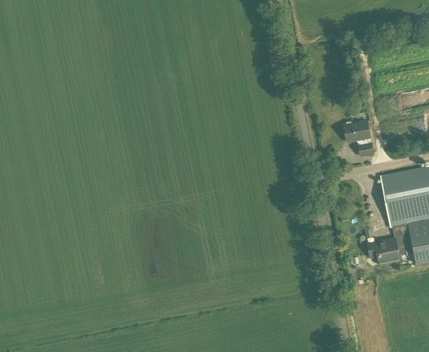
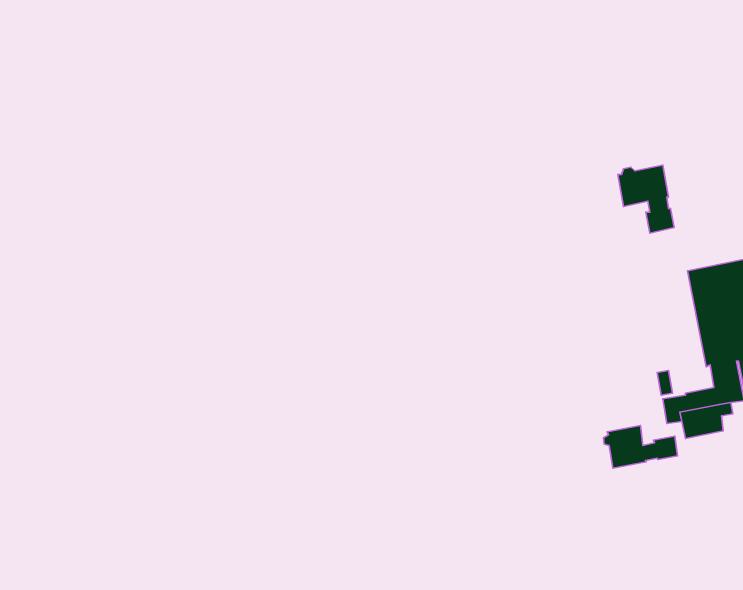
building: none -> [604,426,677,468]

